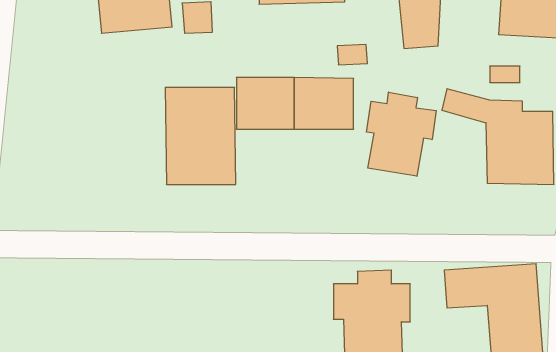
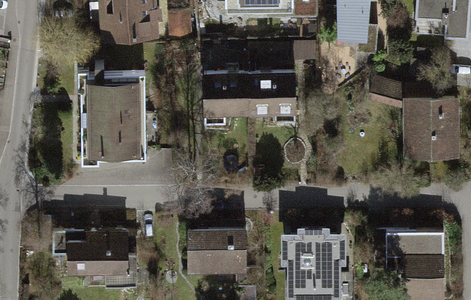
building: [165,87,236,184] -> [87,79,143,156]
building: [367,92,436,176] -> none
building: none -> [65,224,136,275]
building: none -> [186,228,250,274]

